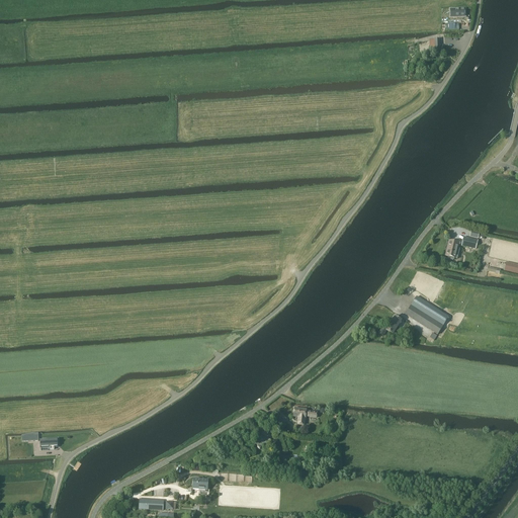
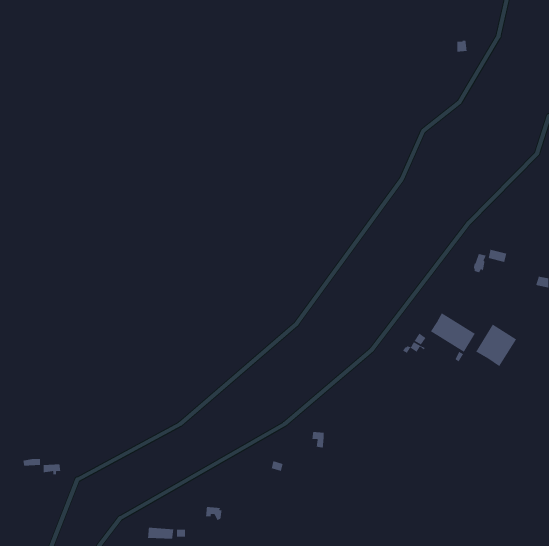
building: none -> [475,324,517,367]

